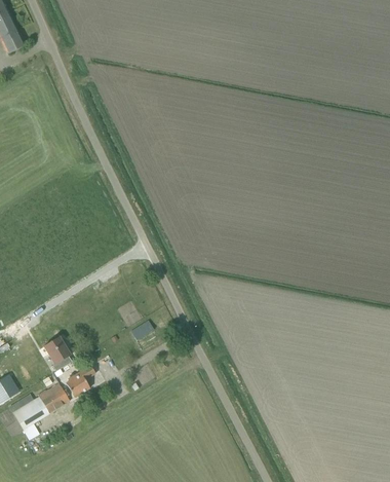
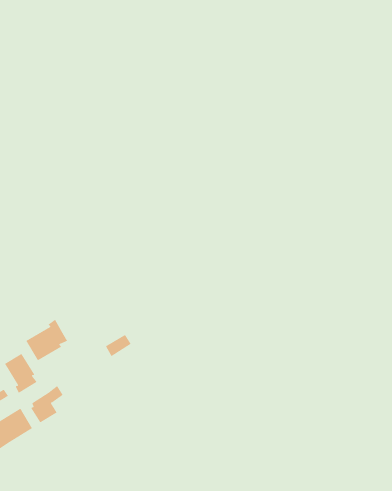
building: none -> [26,319,68,361]

